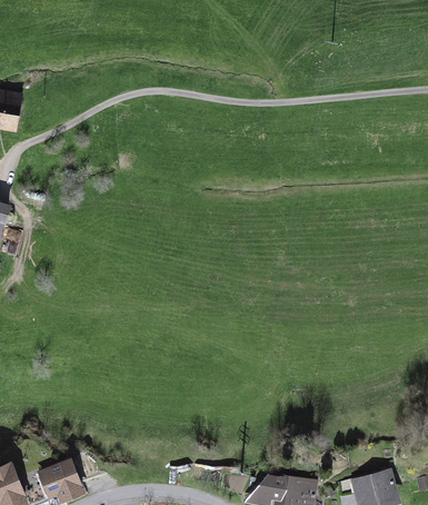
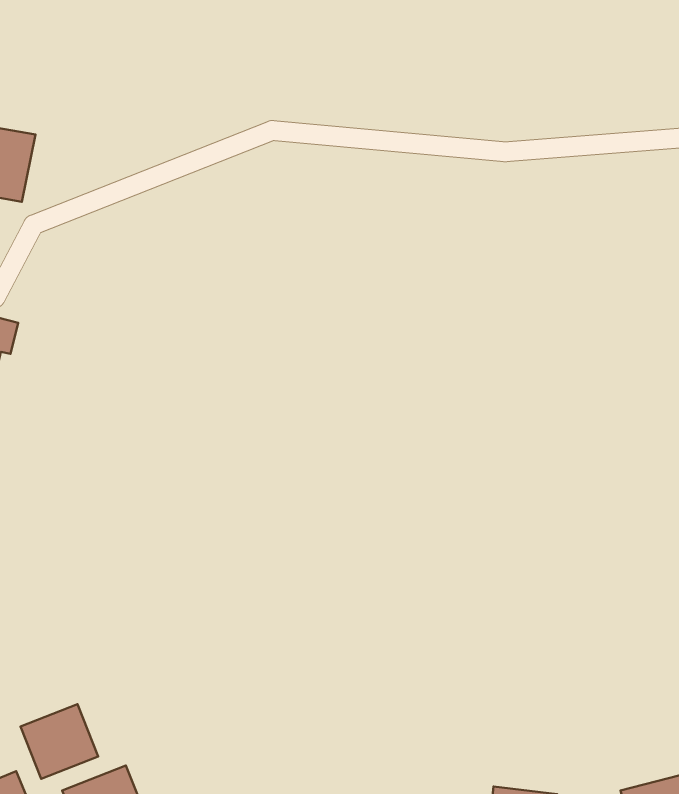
building: none -> [21,704,98,779]

